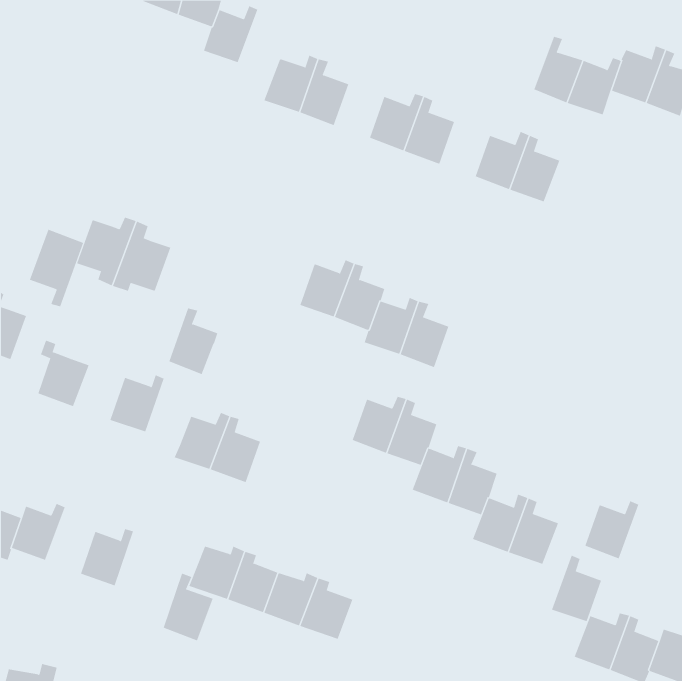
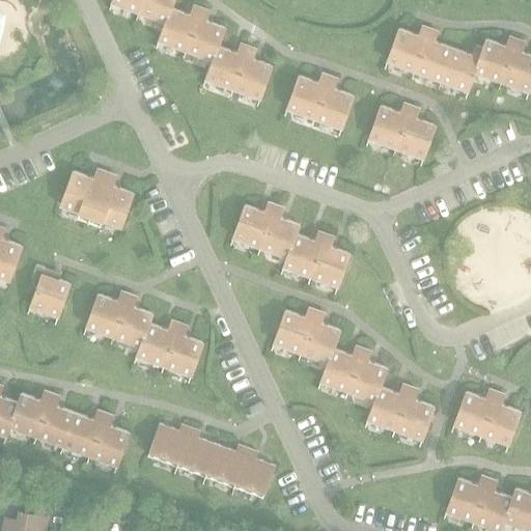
building: none -> [186,9,225,61]
building: none -> [387,27,430,72]
building: [29,229,84,307] -> none
building: [169,308,218,375] -> [114,296,152,347]
building: none -> [36,395,75,447]
building: [551,555,602,622] -> [481,393,521,445]
building: [163,573,214,641] -> [90,414,130,467]

